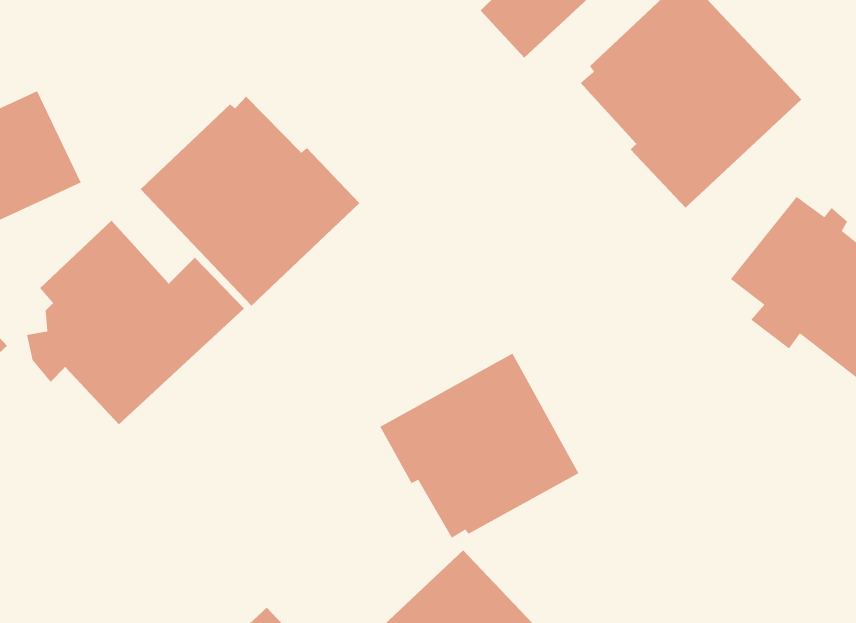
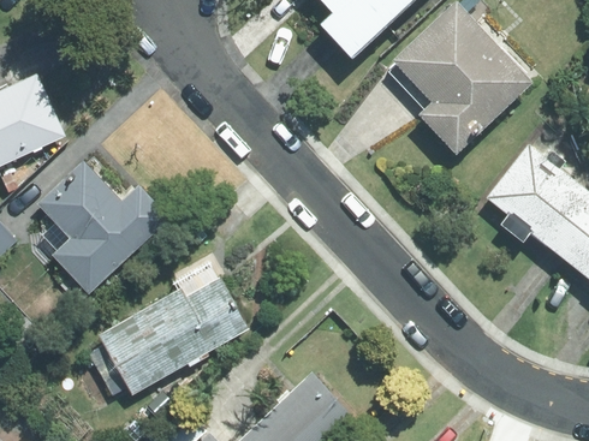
building: [140,96,360,307] -> none
building: [379,353,580,539] -> none
building: none -> [101,261,250,393]

